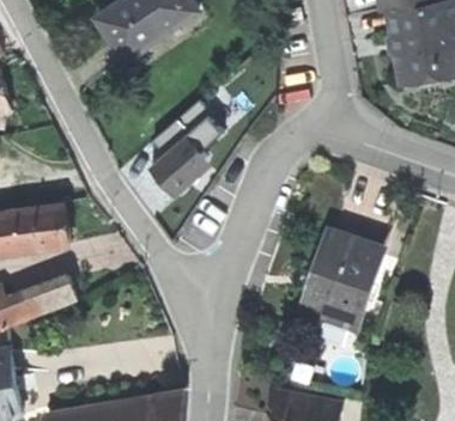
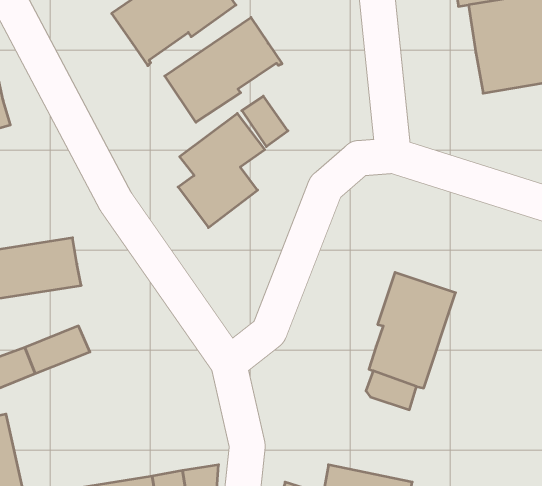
building: none -> [165,17,282,122]

